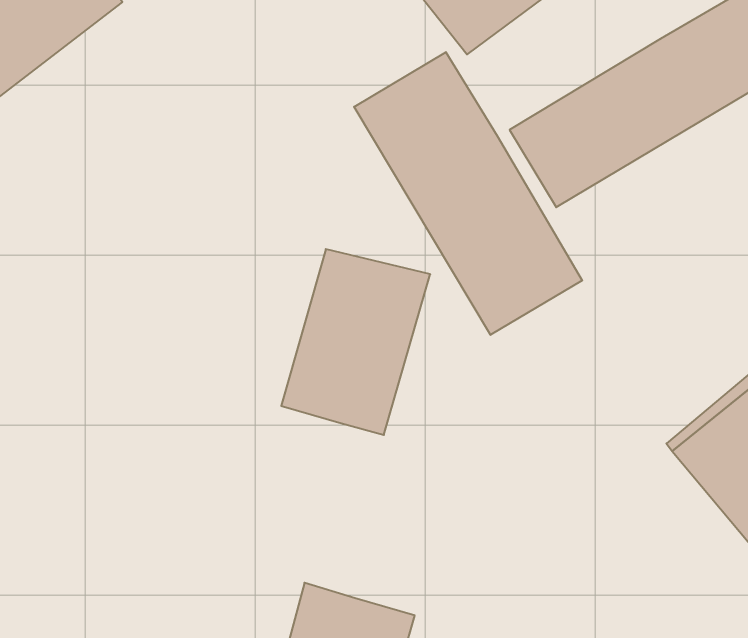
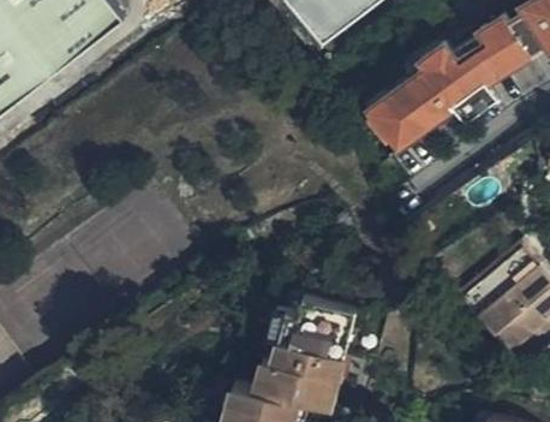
building: [354,52,582,335] -> none
building: [281,249,430,435] -> [262,293,354,409]

